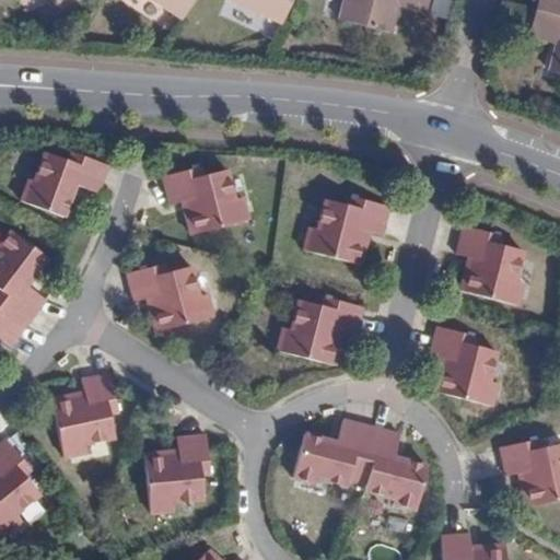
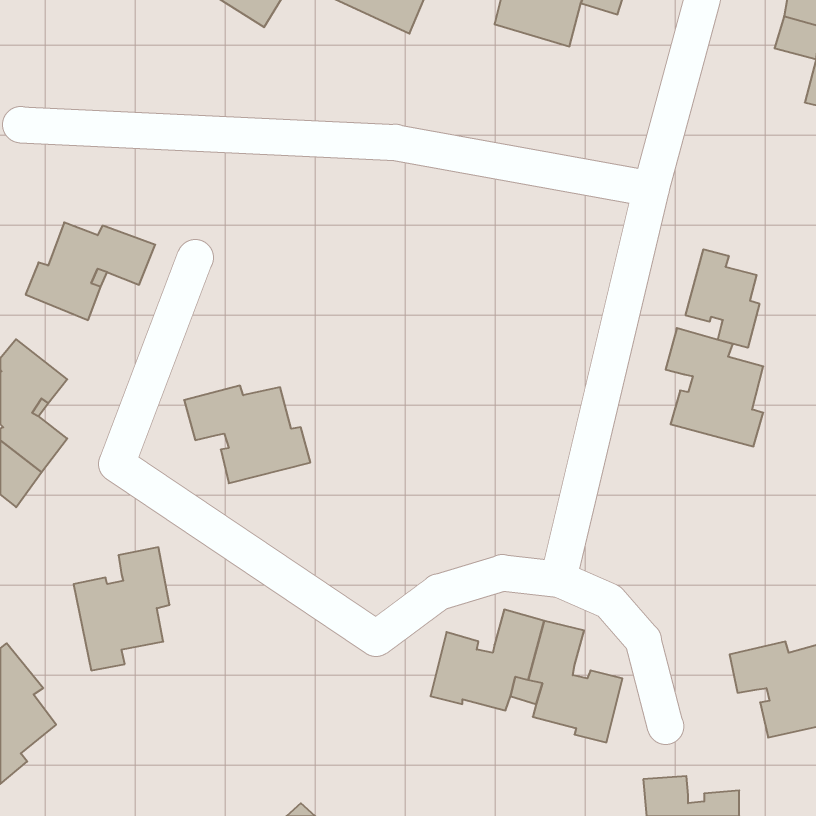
building: [162,167,247,234] -> none
building: none -> [686,249,759,348]
building: [303,196,388,264] -> none
building: [277,295,362,363] -> none
building: [429,324,497,404] -> none
building: [143,433,210,513] -> none

